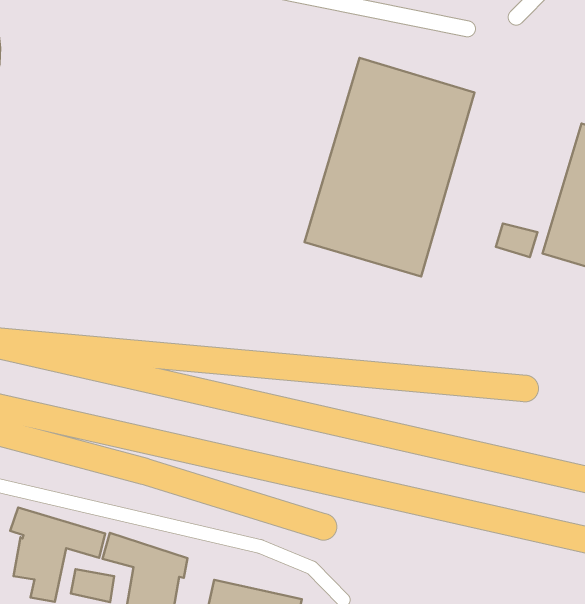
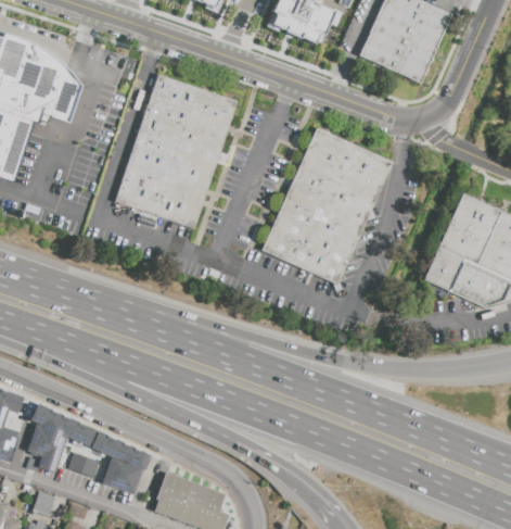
building: none -> [114,74,237,227]
building: [496,223,538,257] -> none

